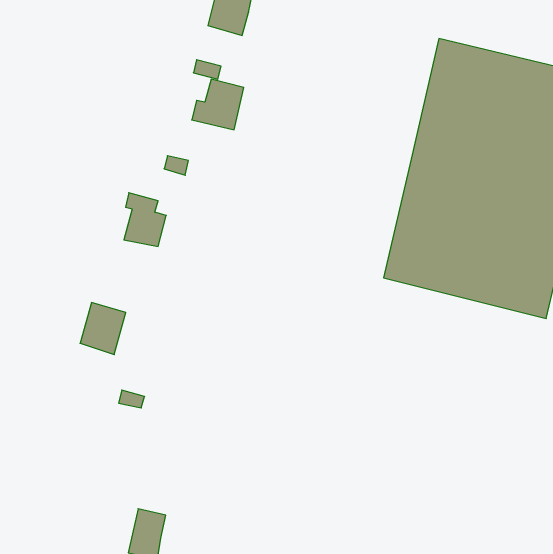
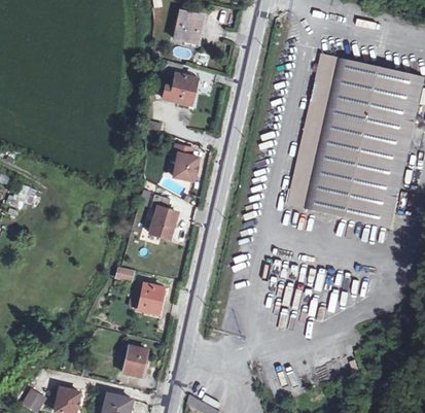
building: [124,193,166,246] -> [173,147,200,181]
building: [80,303,126,355] -> [149,206,178,239]
building: none -> [138,282,164,313]

